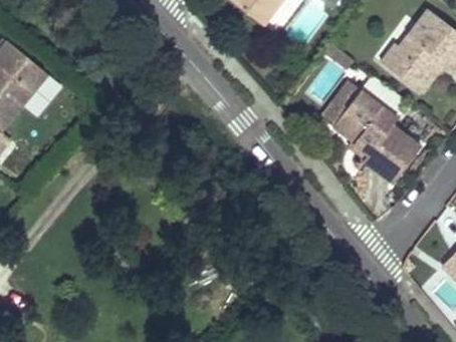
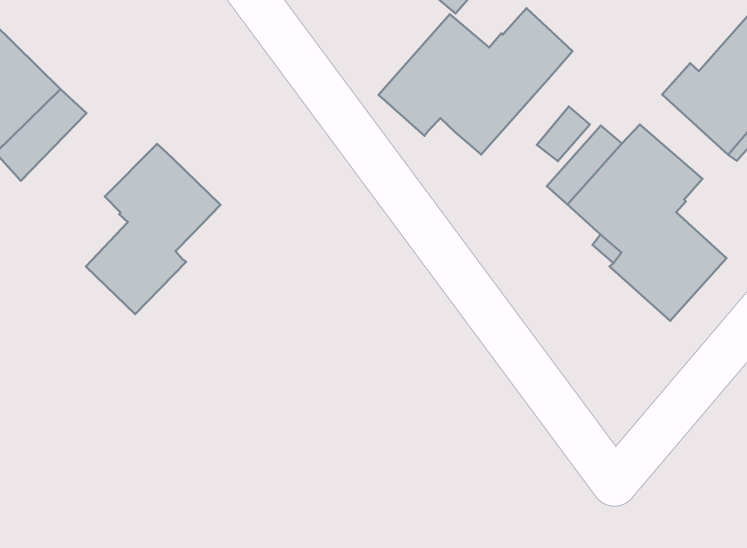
building: none -> [379,8,572,154]
building: none -> [86,144,221,314]

